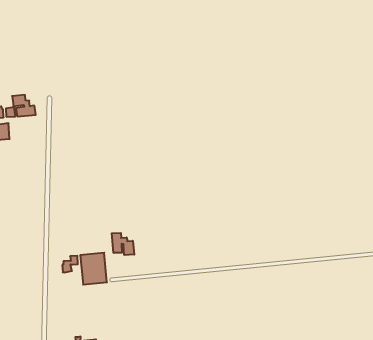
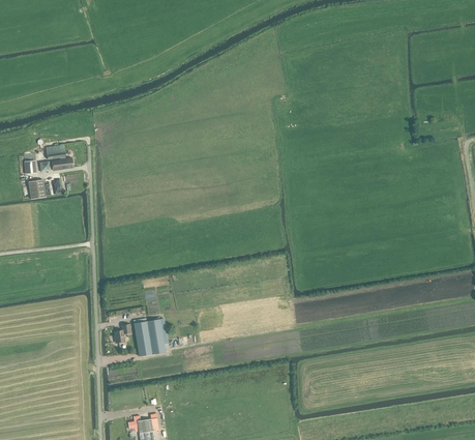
building: [112,233,134,255] -> none

